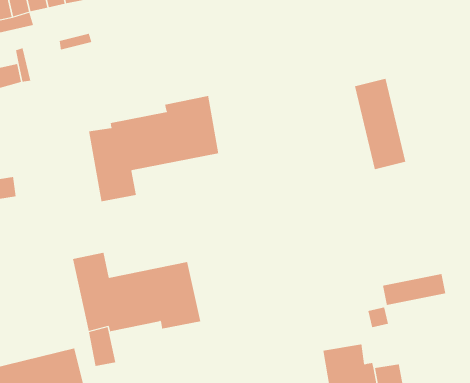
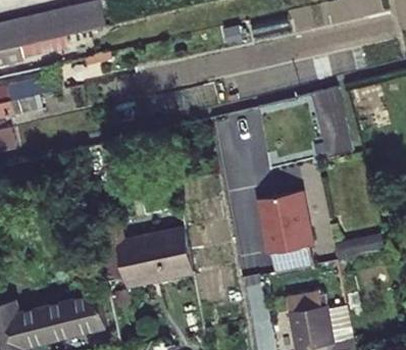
building: [88,95,219,202] -> none
building: none -> [257,191,313,272]

